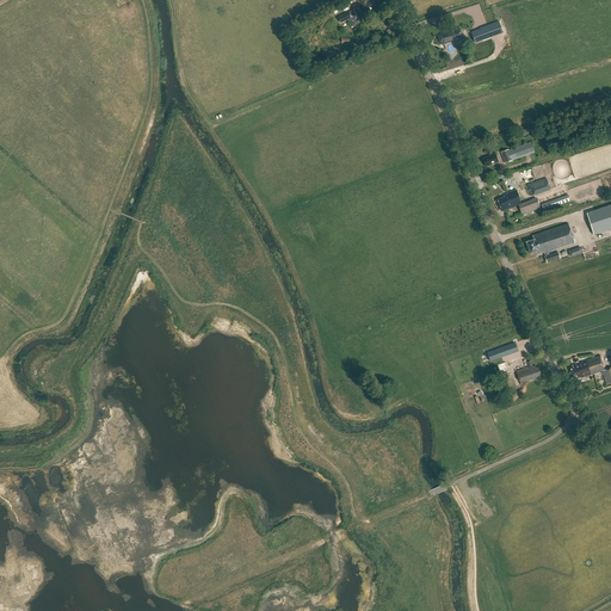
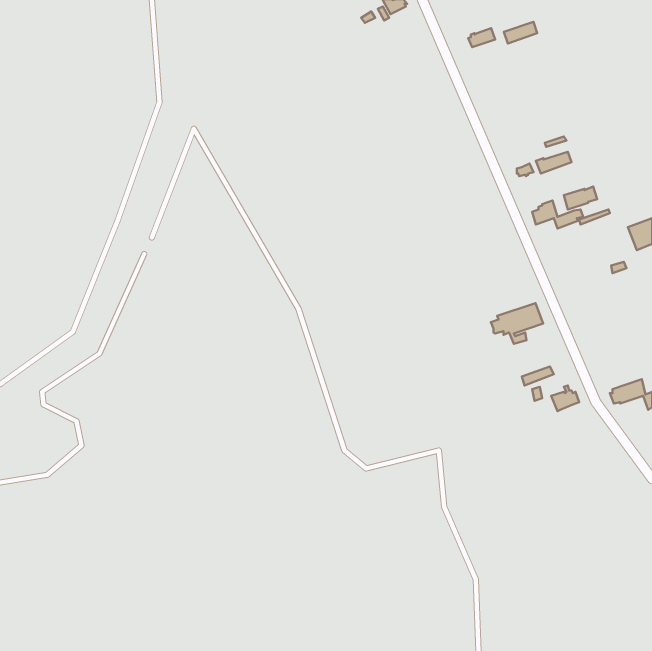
building: [526,223,575,261] -> [491,303,543,344]

